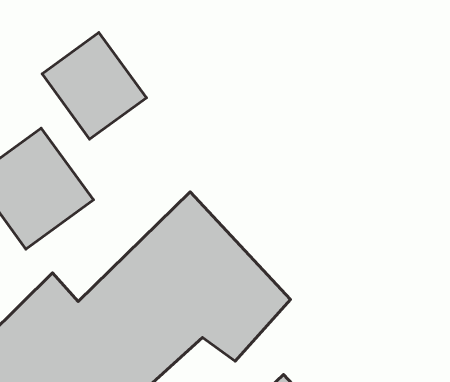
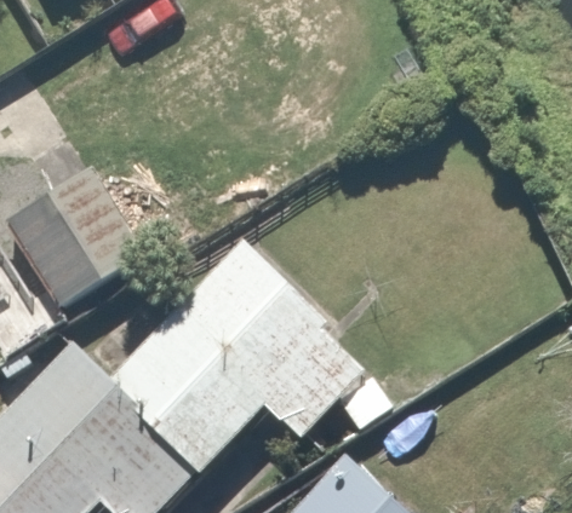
building: [42,32,146,139] -> none

